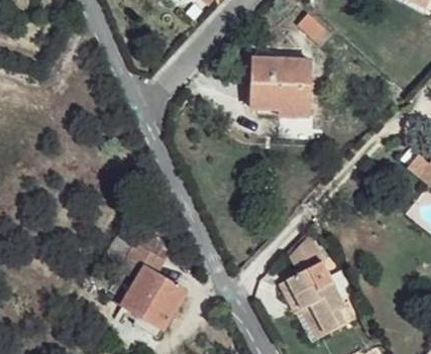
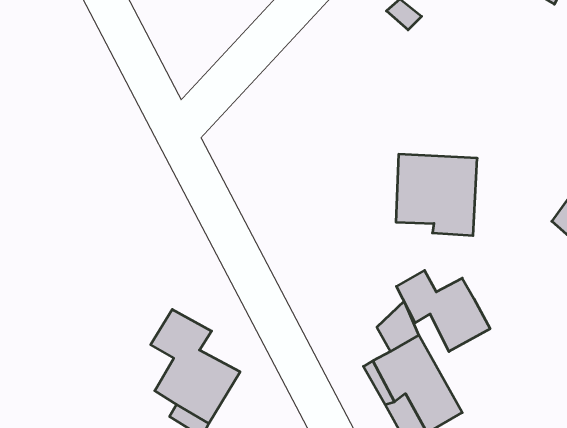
building: [250,56,311,117] -> [396,154,477,236]
building: none -> [396,270,490,352]

